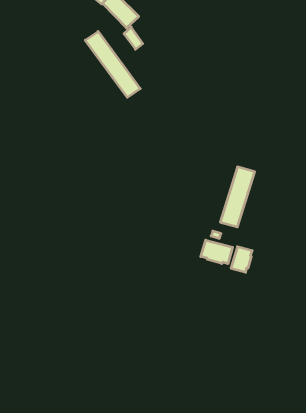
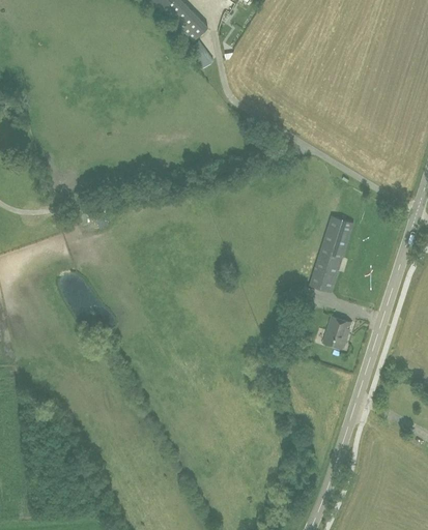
building: [85,31,140,97] -> none
building: [201,240,233,264] -> none

